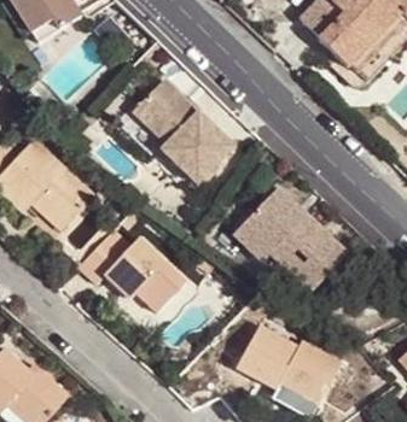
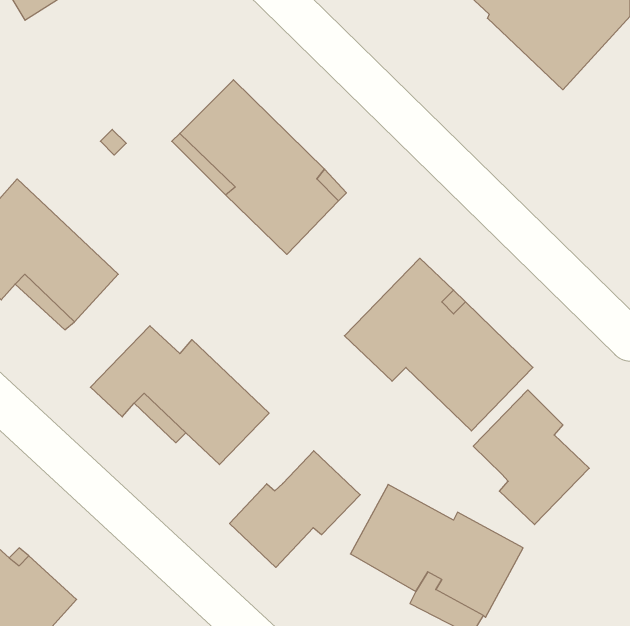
building: none -> [473,390,589,525]
building: none -> [230,451,360,567]

